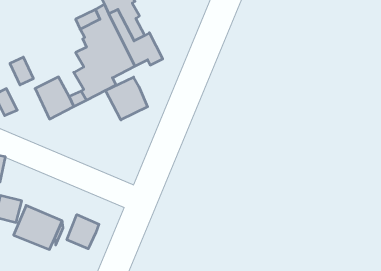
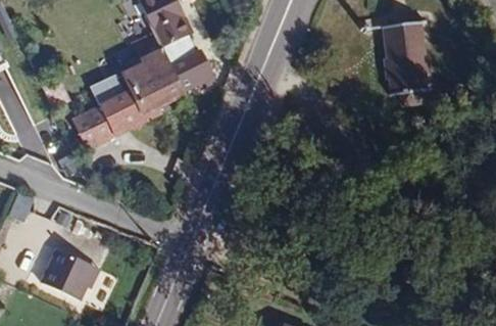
building: none -> [388,19,434,103]
building: [105,77,148,120] -> none
building: [67,215,99,249] -> none

